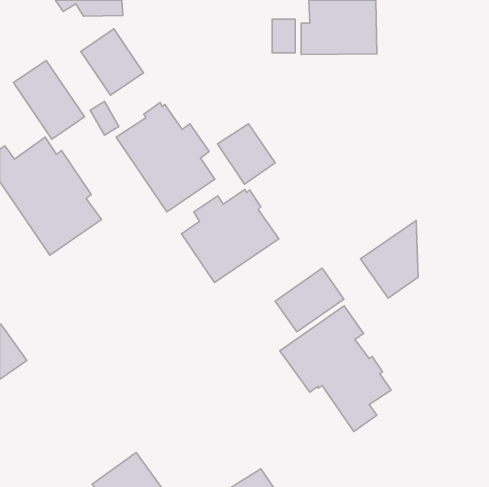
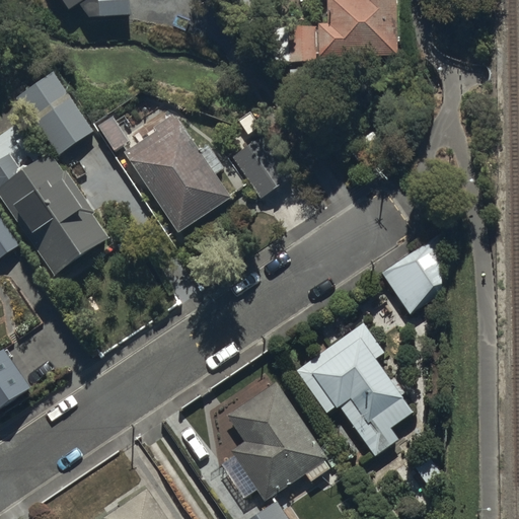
building: [81,29,143,95] -> none
building: [181,190,279,283] -> none
building: [275,268,344,332] -> none
building: none -> [220,379,327,499]

